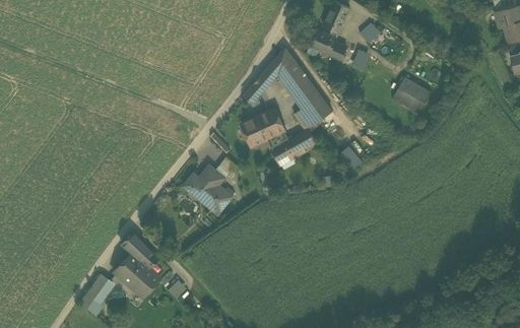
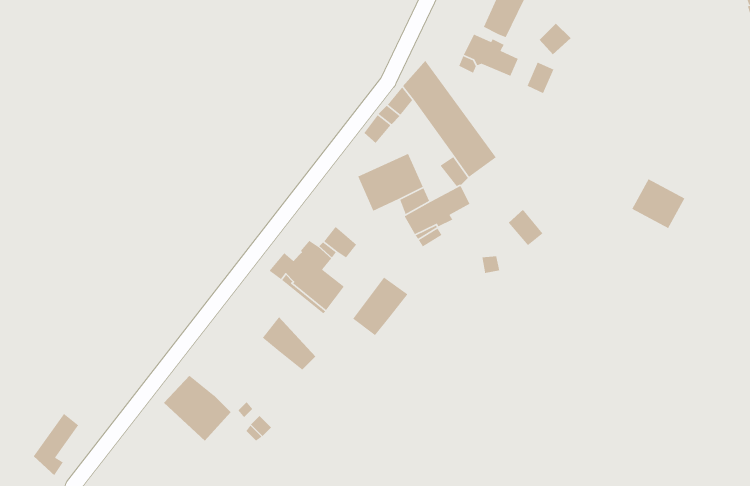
building: [394,76,430,110] -> [631,178,686,229]
building: none -> [352,276,408,336]
building: [121,232,156,267] -> [262,316,316,371]
building: [80,274,111,316] -> [33,413,79,476]

